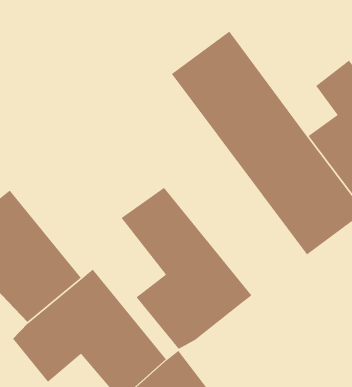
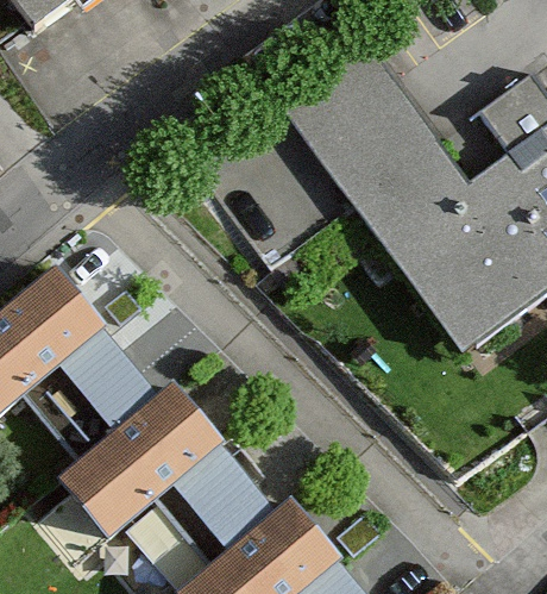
building: [120,187,252,350] -> none

